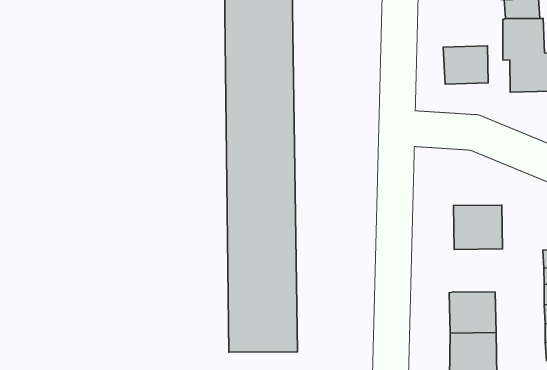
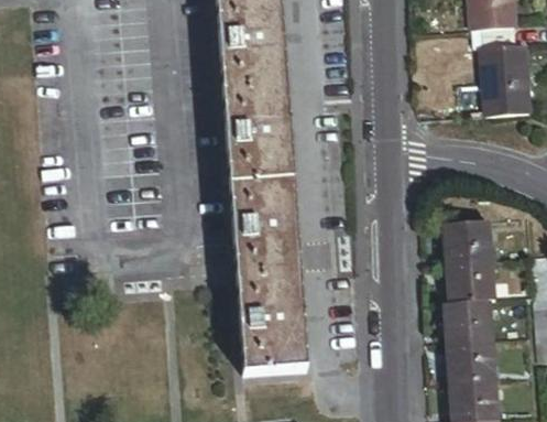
building: [443,46,488,84] -> none
building: none -> [448,253,495,296]

